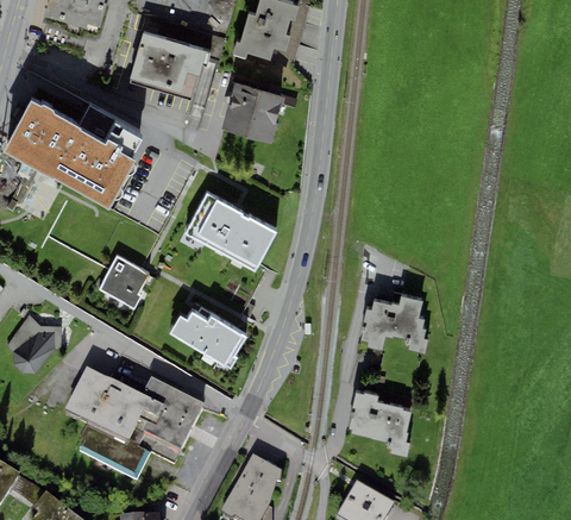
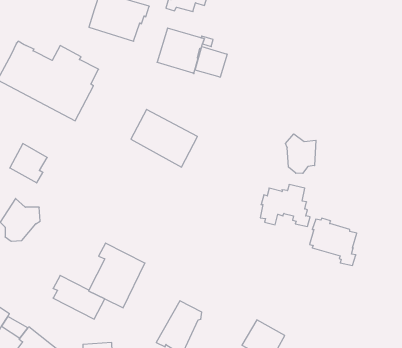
building: none -> [195,46,227,77]
building: none -> [286,134,316,173]
building: [99,255,150,308] -> [10,144,47,183]
building: [170,312,245,369] -> none
building: [64,365,150,439] -> none
building: [349,393,413,457] -> [310,218,357,265]

